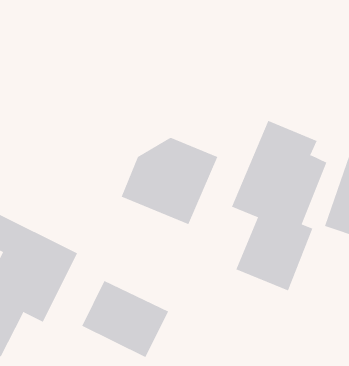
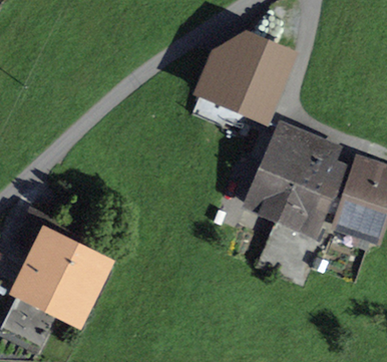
building: [121,137,218,225] -> [200,35,290,116]
building: [82,280,169,358] -> none

